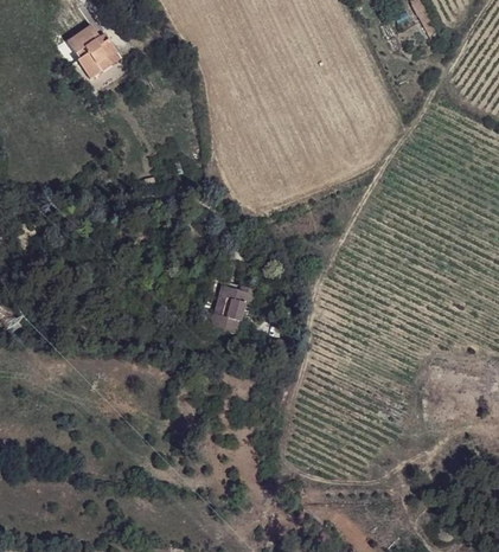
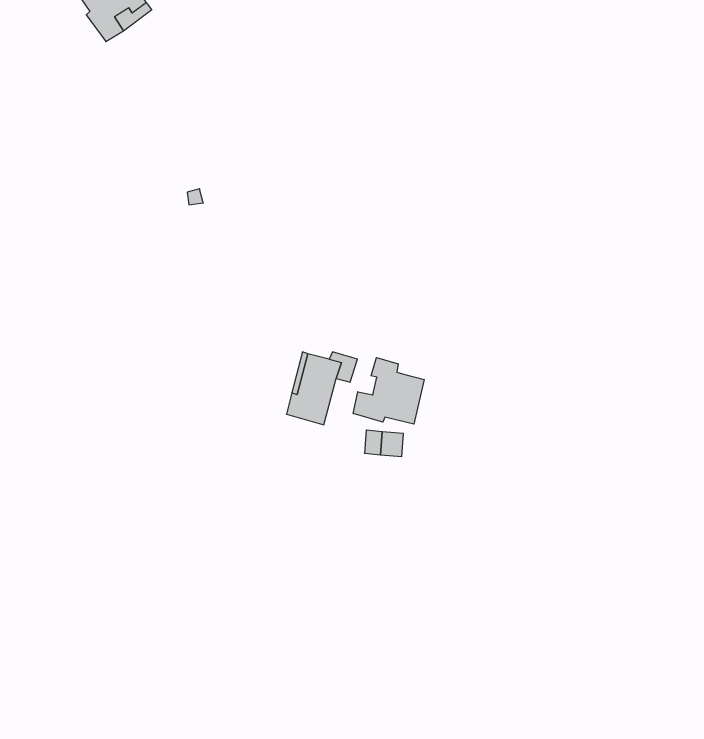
building: none -> [353,358,424,424]

